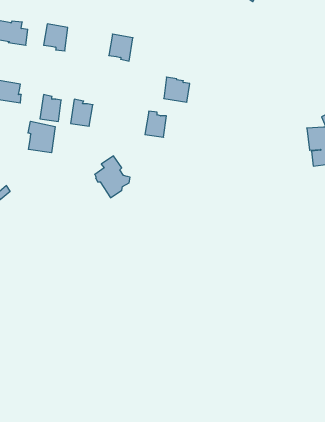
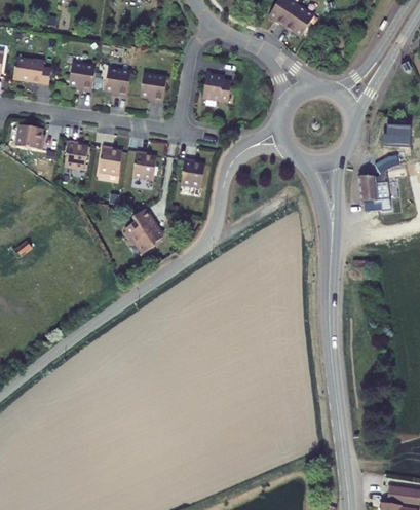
building: none -> [105,68,131,98]
building: [164,77,190,102] -> [203,73,232,101]
building: none -> [132,151,157,180]
building: [28,121,55,153] -> none

